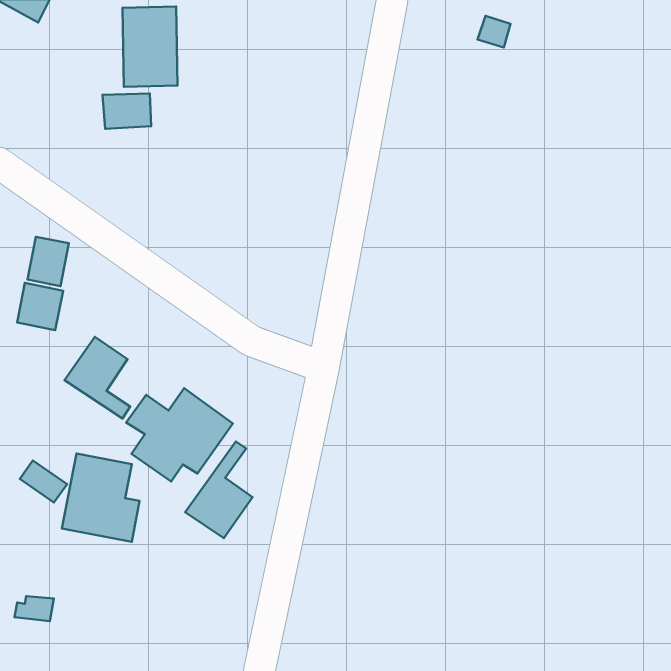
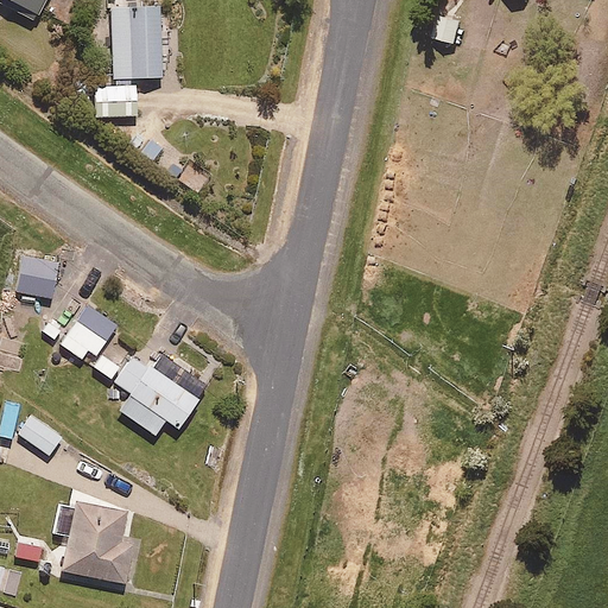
building: [28,237,69,286] -> none
building: [185,441,252,538] -> none
building: [62,454,140,542] -> [62,502,132,582]

